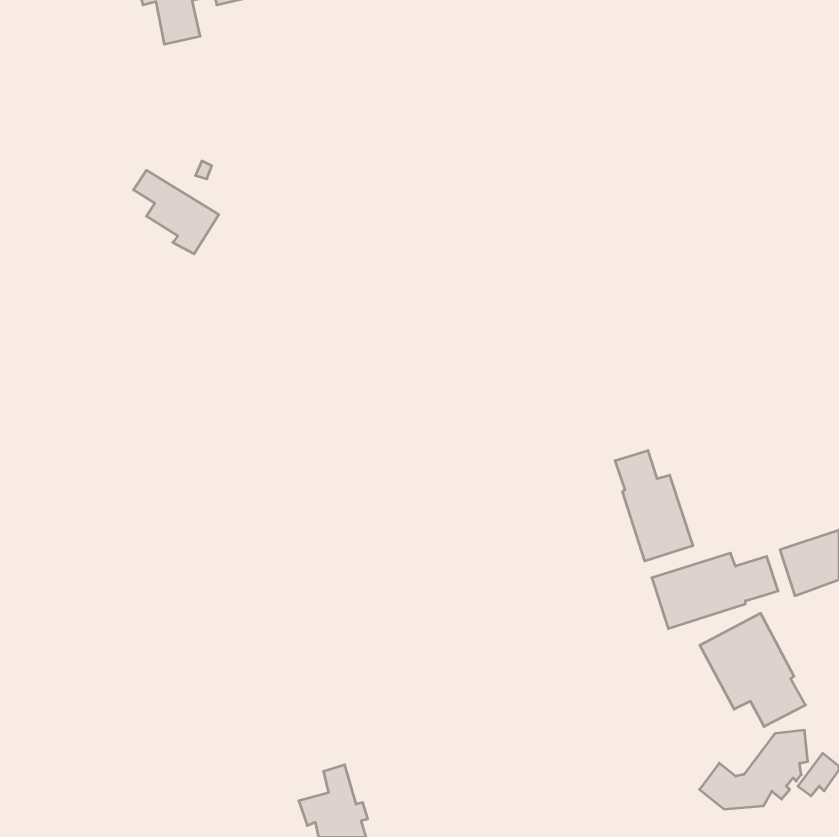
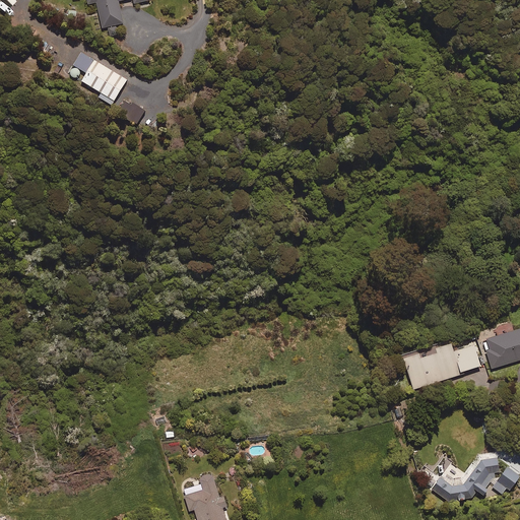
building: [133,170,219,254] -> [74,52,127,104]
building: [615,450,693,561] -> none
building: [700,613,806,727] -> none

